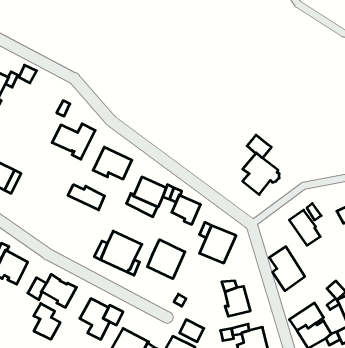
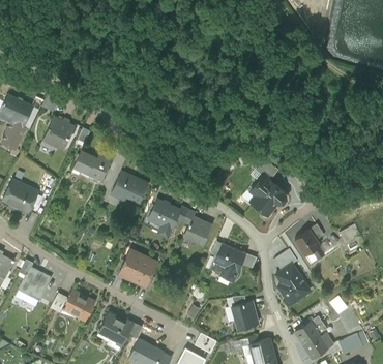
building: none -> [40,116,73,149]
building: [68,185,105,210] -> none
building: [147,240,185,279] -> none
building: [34,303,60,339] -> none

